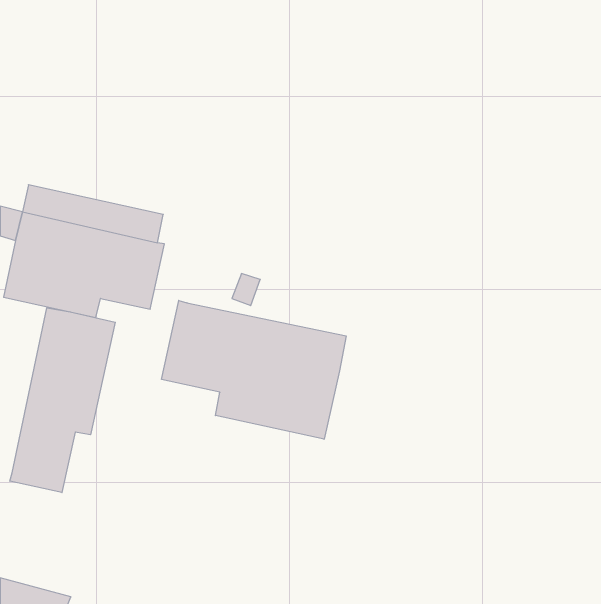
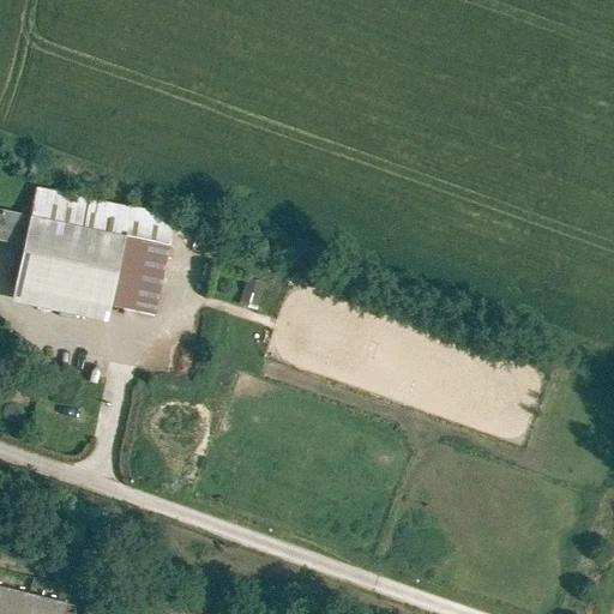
building: [162,300,346,439] -> none
building: [10,308,115,493] -> none

